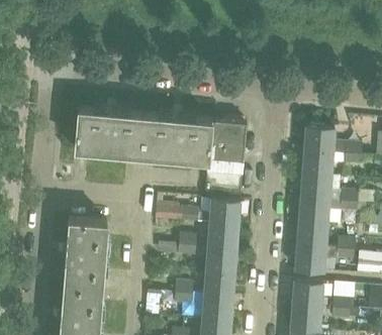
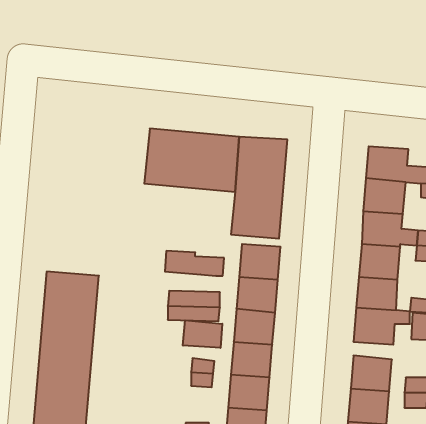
building: [75,107,146,153] -> none
building: none -> [183,320,222,348]

